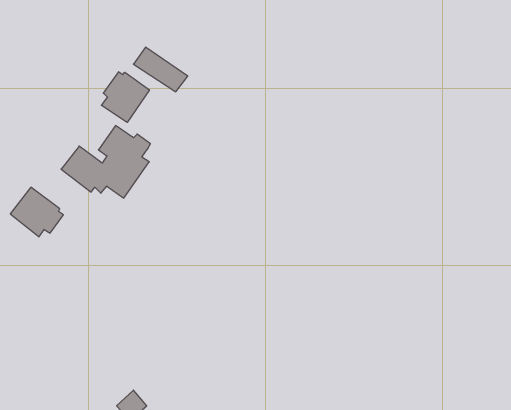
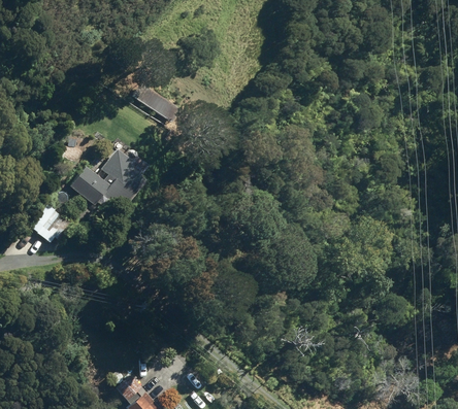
building: [101,72,149,122] -> none

